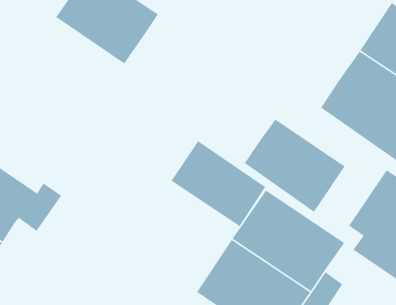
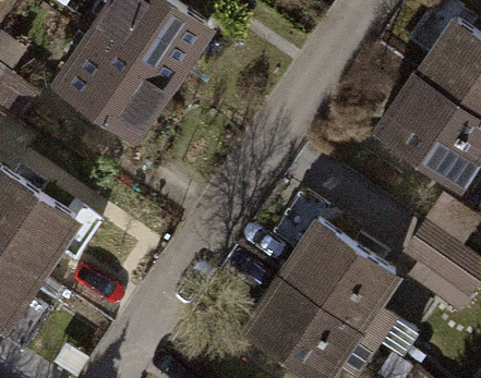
building: none -> [50,33,163,138]
building: [244,118,346,213] -> none
building: [171,140,266,227] -> none

